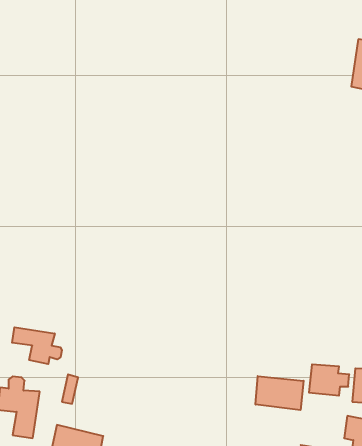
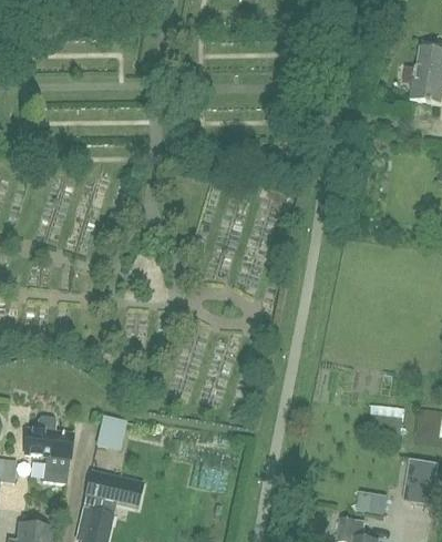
building: [12,327,62,364] -> none
building: [256,376,304,410] -> none

